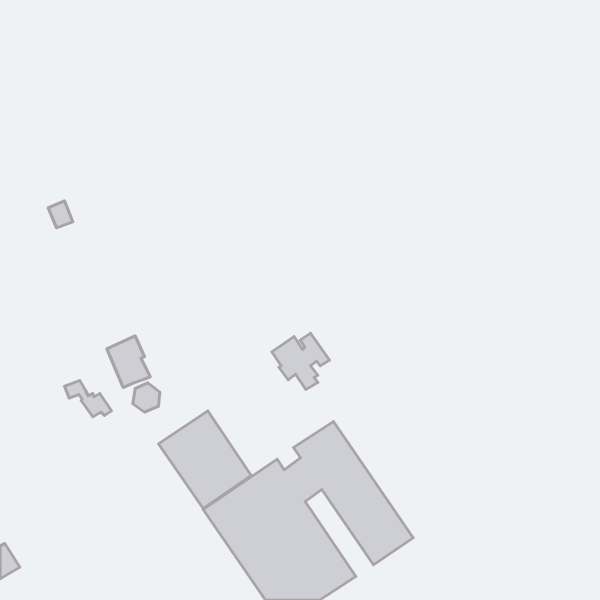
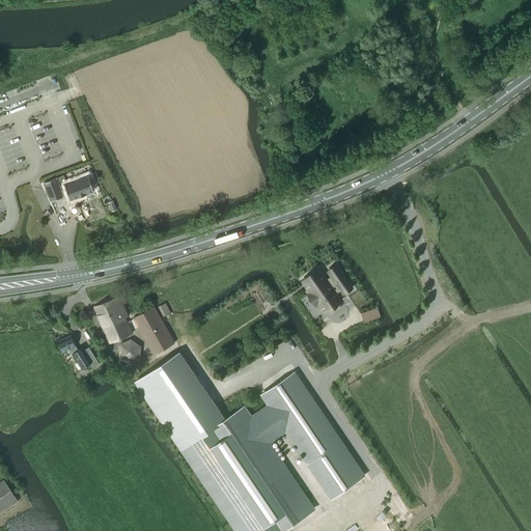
building: none -> [67,173,97,198]
building: [272,333,329,389] -> [301,264,352,314]
building: none -> [128,306,174,355]

